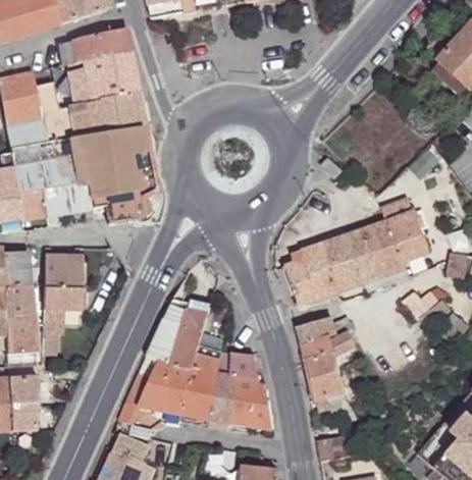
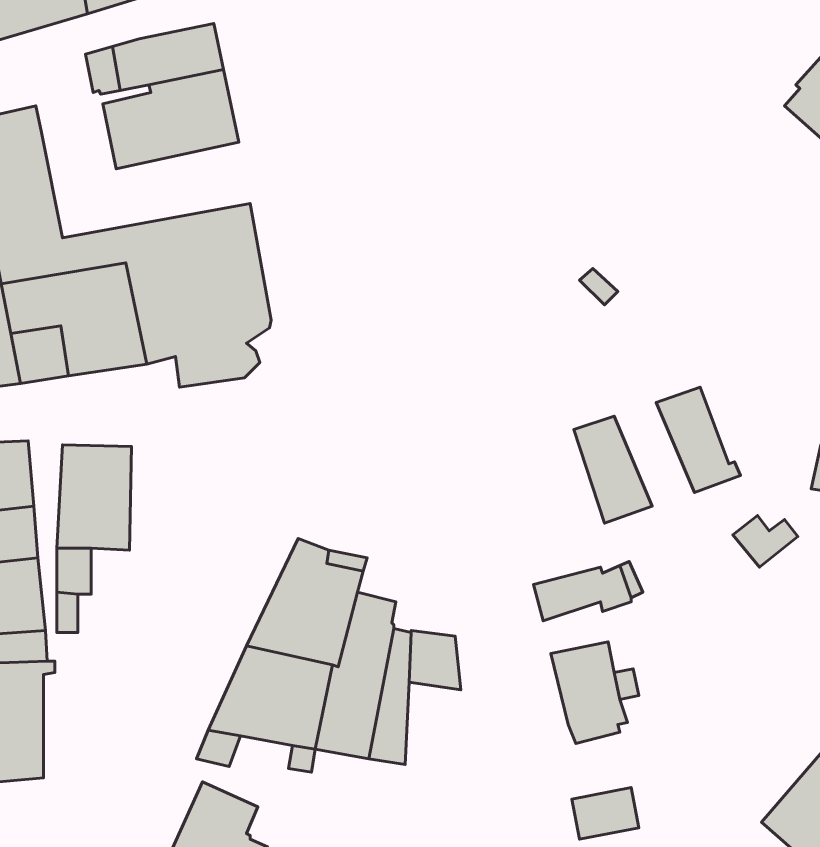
building: [35,82,146,142] -> none
building: [380,197,429,262] -> none
building: [339,229,382,284] -> none
building: [284,244,334,306] -> none
building: [302,335,356,363] -> none
building: [228,378,272,430] -> none

